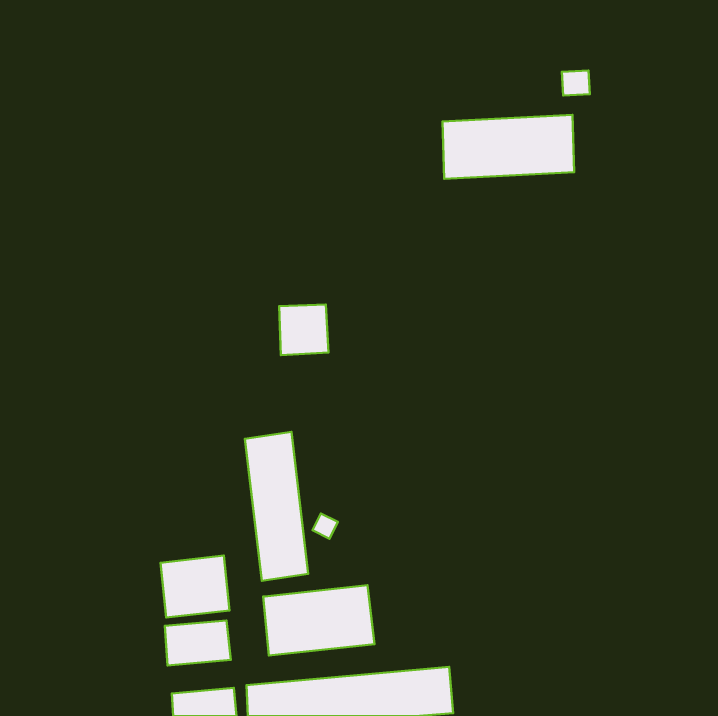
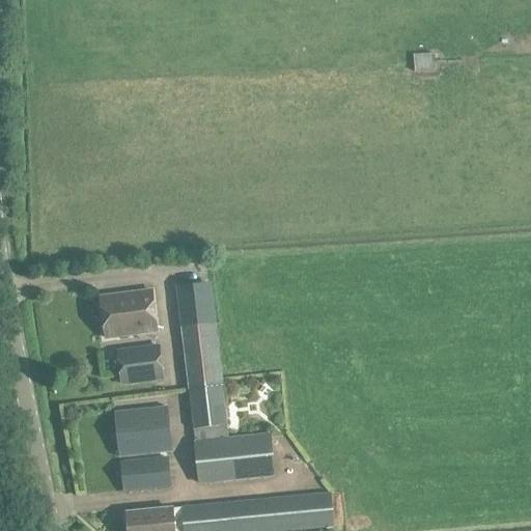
building: [442,115,574,179] -> none
building: [279,305,329,355] -> [169,279,205,316]
building: none -> [100,288,158,335]
building: none -> [118,343,163,384]

